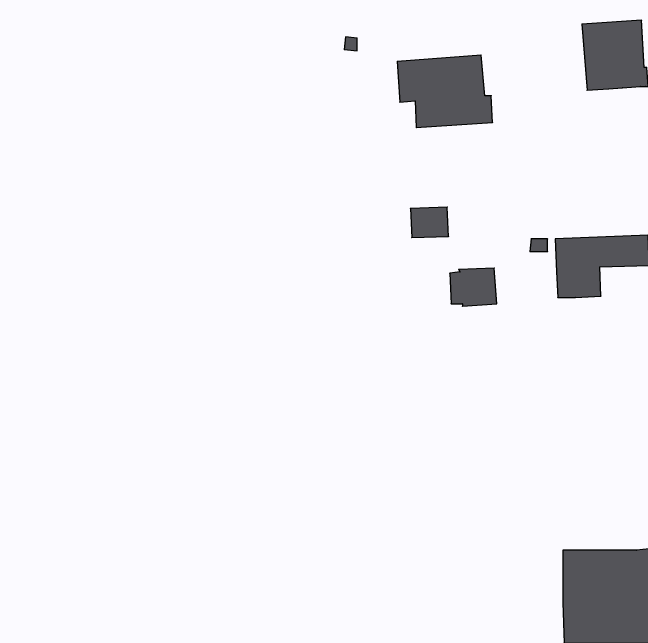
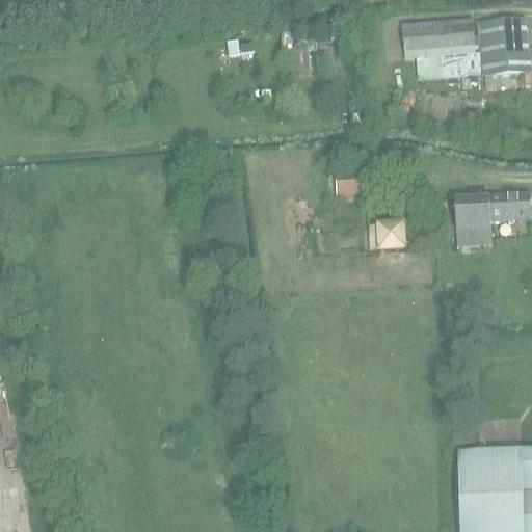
building: [397,55,493,128] -> [403,19,481,78]

